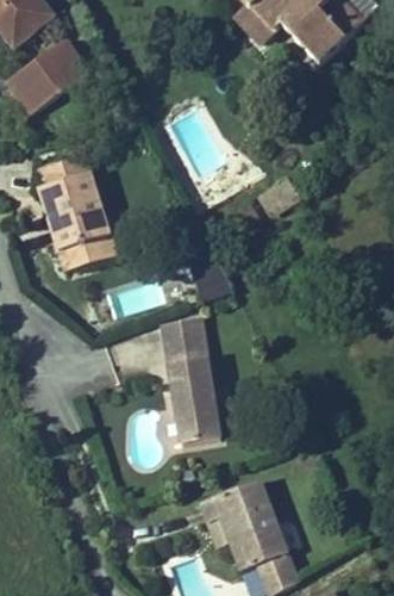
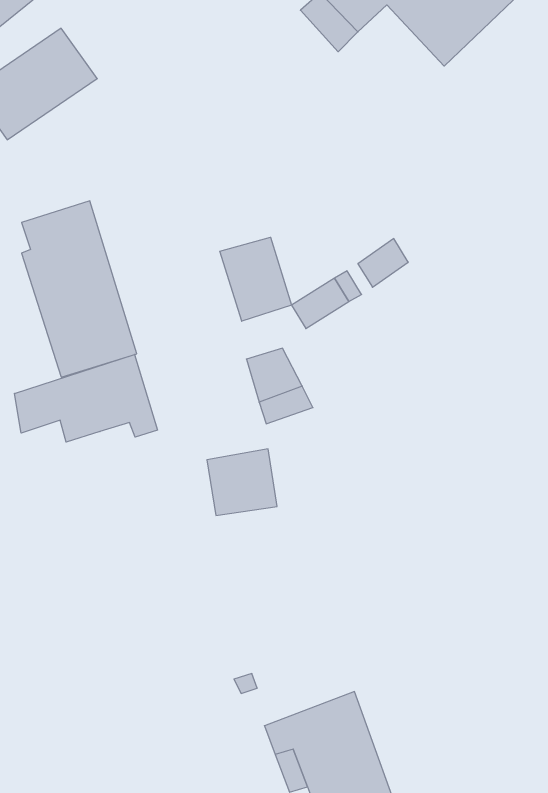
building: none -> [220,237,291,321]
building: none -> [14,354,158,442]
building: [168,355,223,442] -> none

